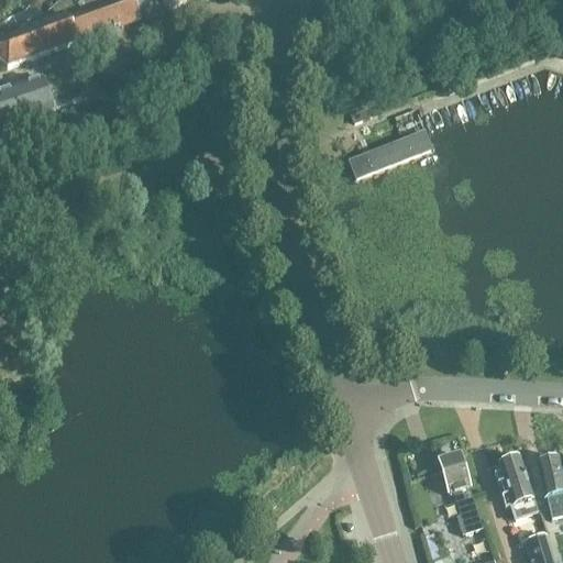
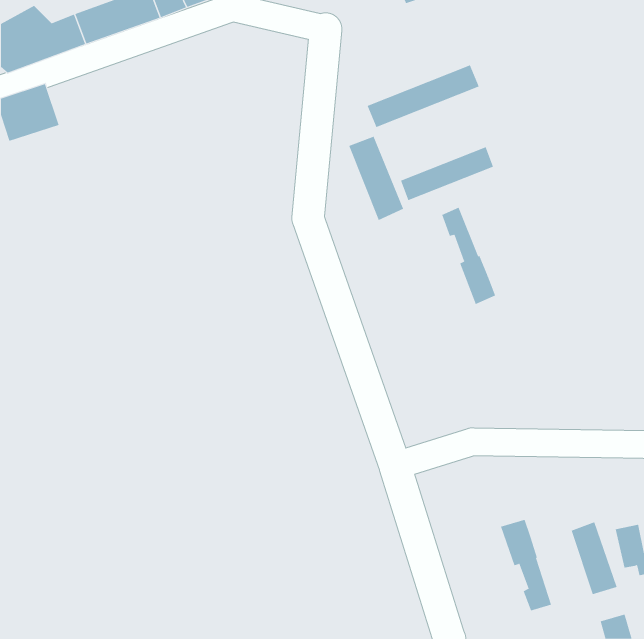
building: none -> [367,65,480,128]
building: none -> [349,136,404,221]
building: none -> [441,207,496,305]

